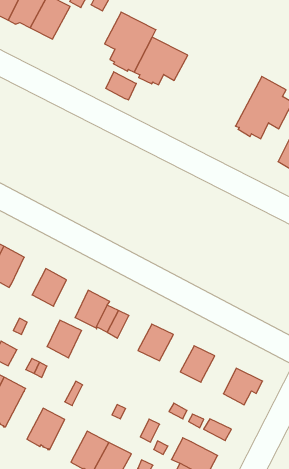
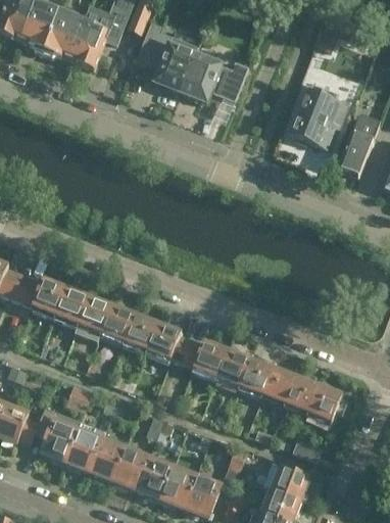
building: [106,72,136,100] -> none
building: none -> [79,295,112,333]
building: none -> [193,340,228,378]
building: [47,320,82,358] -> [125,314,158,351]
building: none -> [240,358,274,395]
building: none -> [285,375,320,413]
building: none -> [89,433,126,482]
building: none -> [137,458,174,501]

